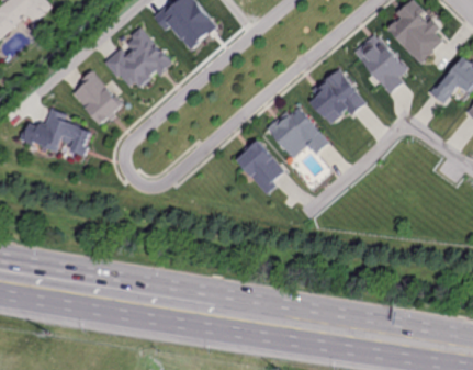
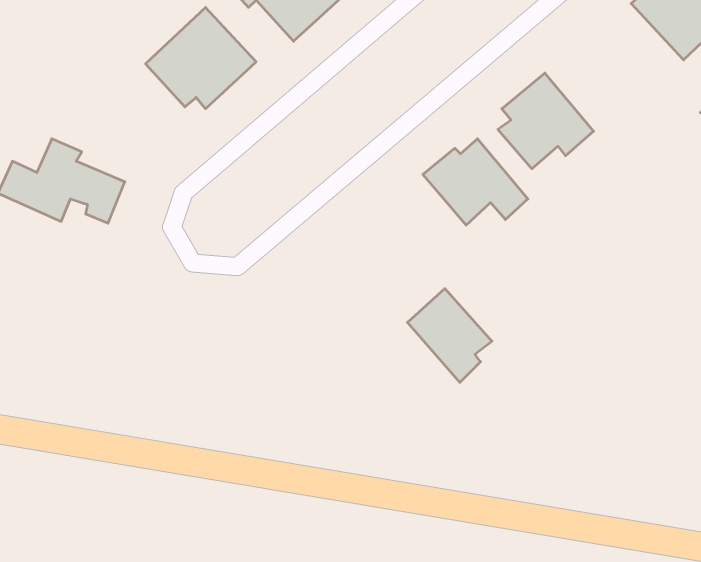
building: [353,33,408,93] -> none
building: [74,70,122,125] -> none
building: [237,142,286,197] -> [407,289,492,382]

